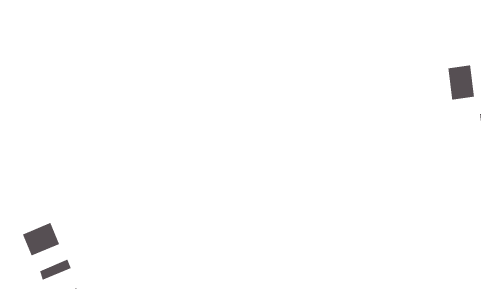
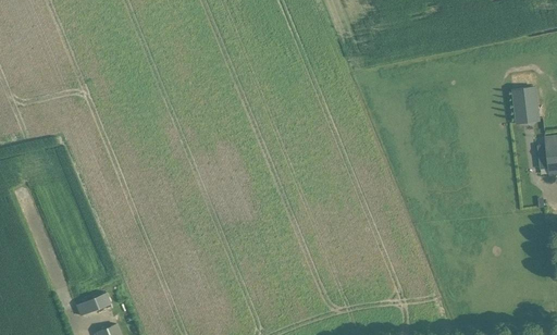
building: [22,222,60,256] -> none

